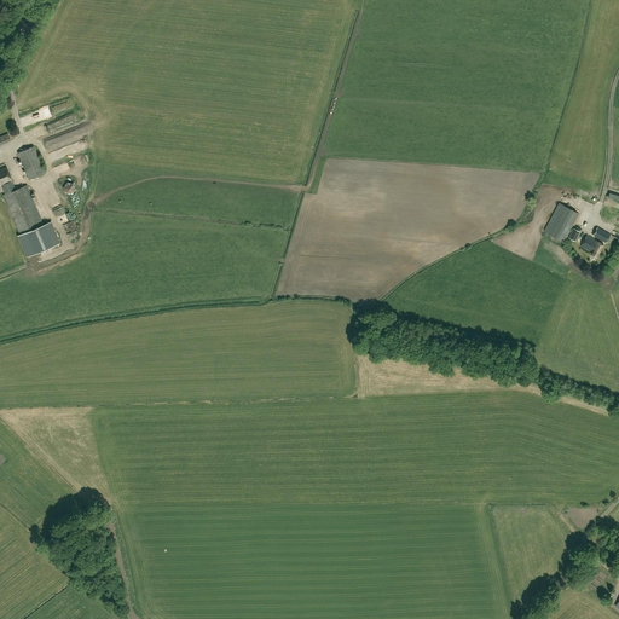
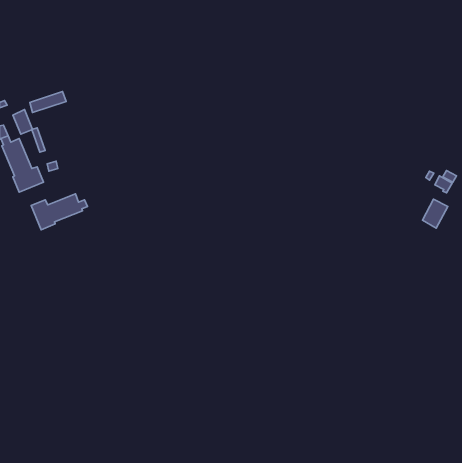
building: [544,203,578,242] -> [423,199,448,228]
building: none -> [31,194,88,230]

